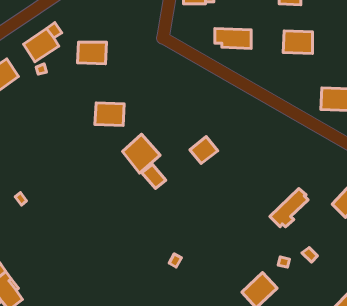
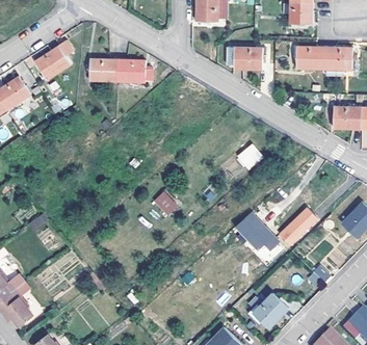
building: none -> [323,50,352,78]
building: [95,103,124,126] -> [116,60,146,83]
building: [122,134,160,173] -> none
building: [190,136,218,163] -> [234,144,262,171]
building: none -> [236,211,274,249]

